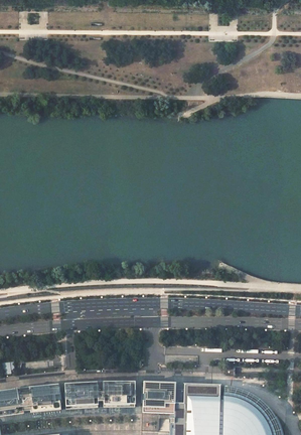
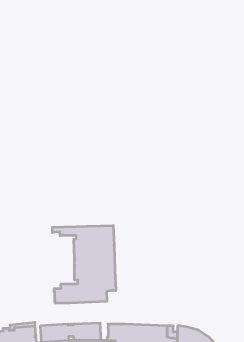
building: none -> [52,225,116,303]

